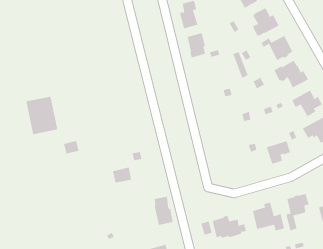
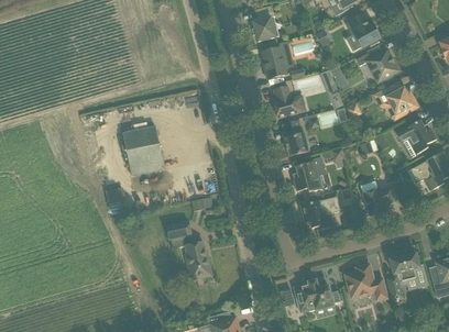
building: none -> [274,86,306,118]
building: none -> [283,120,309,156]
building: [26,96,58,135] -> [123,126,165,176]
building: none -> [294,156,326,191]
building: none -> [300,196,341,229]
building: [154,196,173,225] -> [186,242,211,279]

